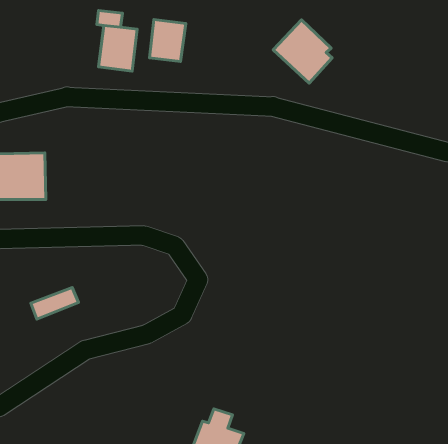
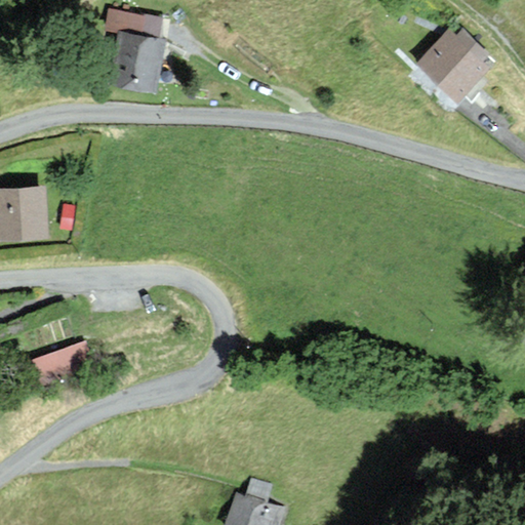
building: [149,20,186,62] -> none
building: [273,20,332,83] -> [416,27,485,100]

